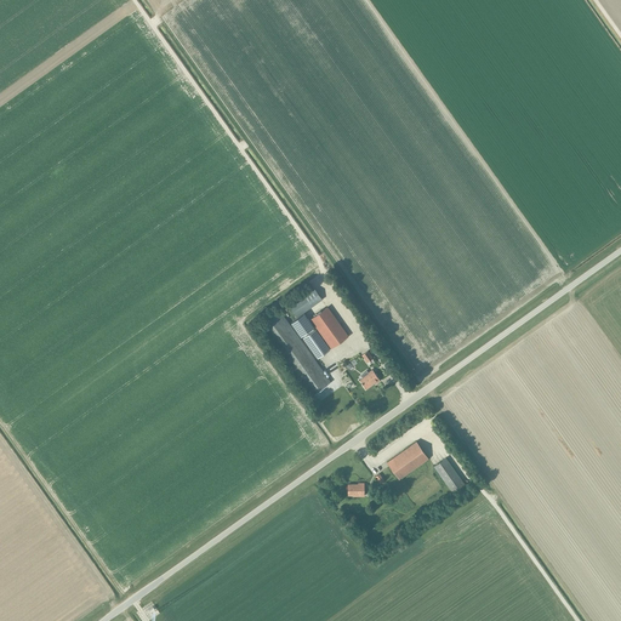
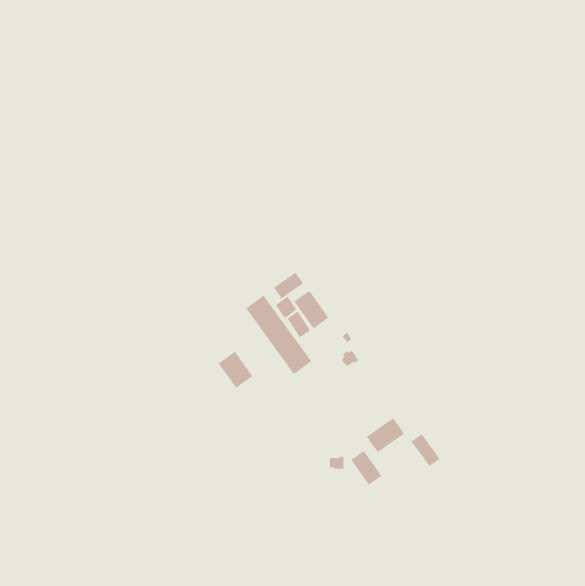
building: none -> [218,351,253,389]
building: none -> [351,450,382,485]

